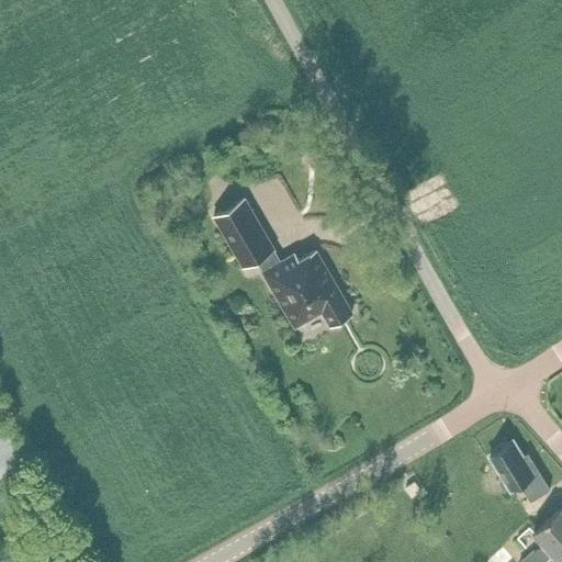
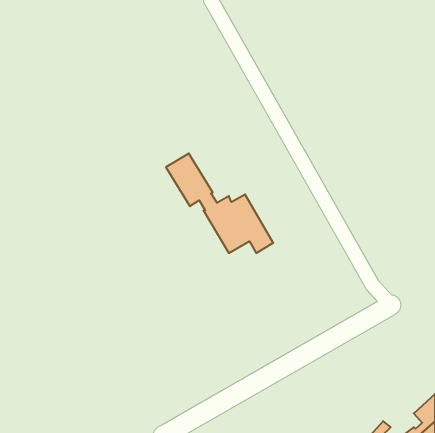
building: [490,443,550,504] -> none

